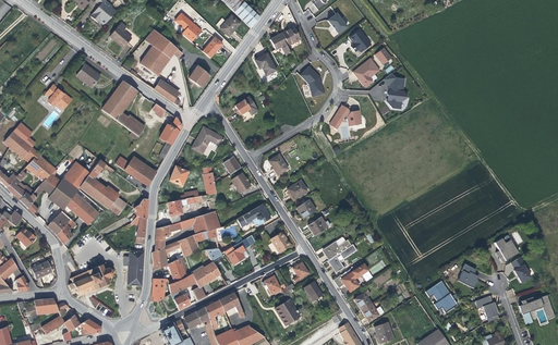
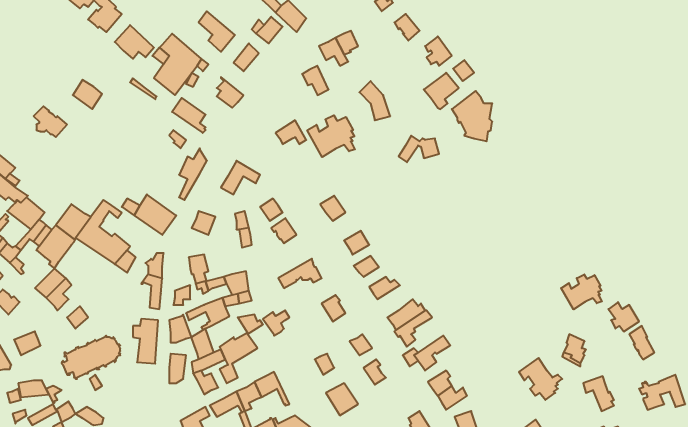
building: [100,81,146,136] -> none
building: none -> [307,115,355,157]
building: [65,193,99,224] -> none
building: none -> [561,274,602,309]

